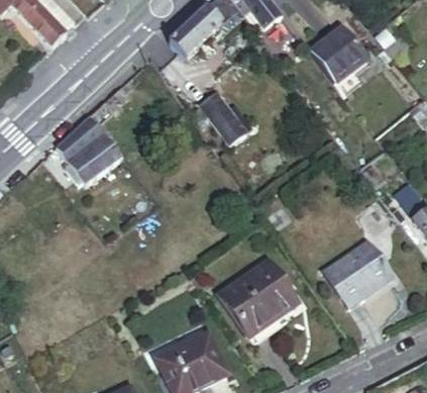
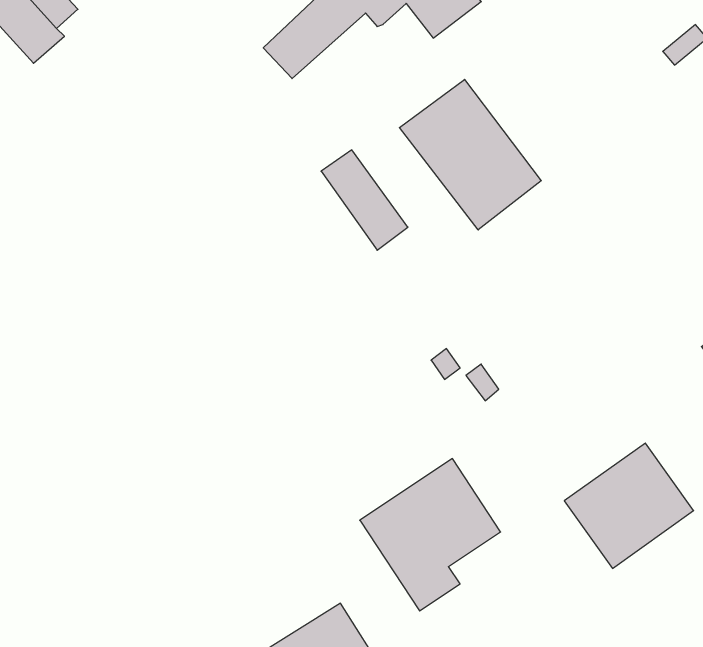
building: [309,31,355,78] -> none
building: none -> [399,79,541,230]
building: [57,86,129,182] -> none

